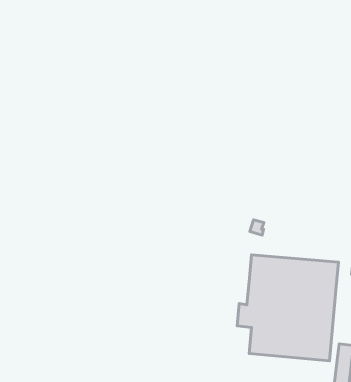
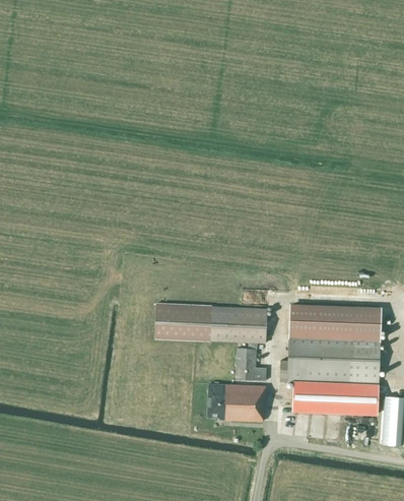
building: none -> [154,303,270,380]
building: none -> [207,383,265,421]

